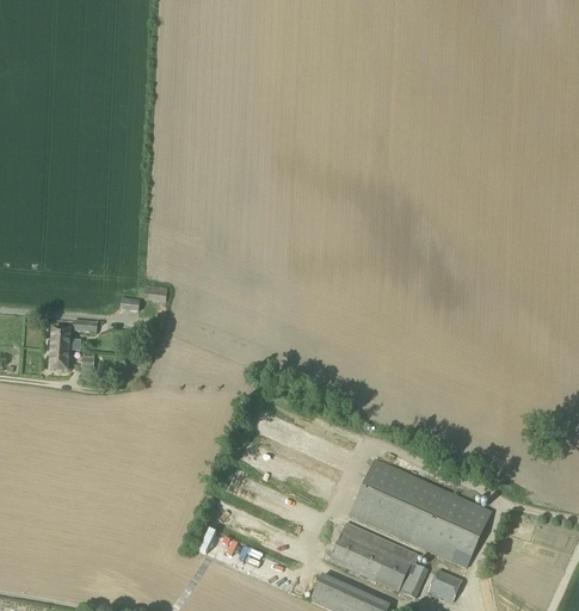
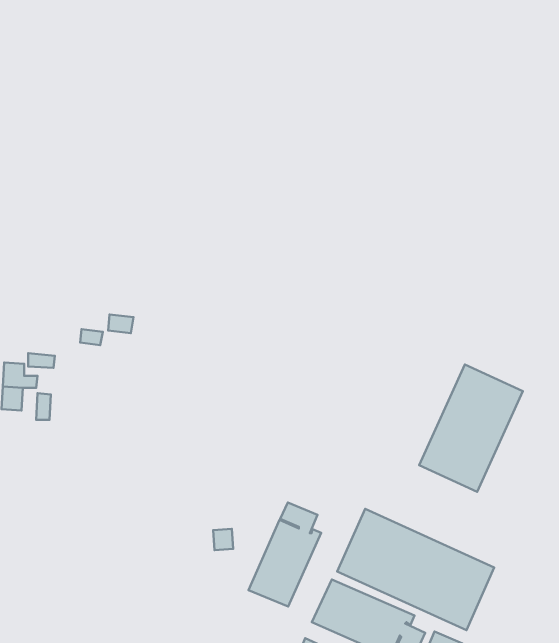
building: none -> [419,365,523,492]
building: none -> [248,502,321,607]

